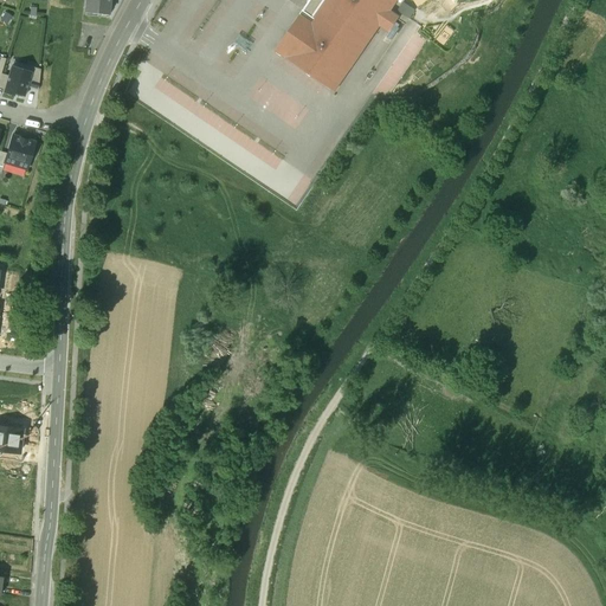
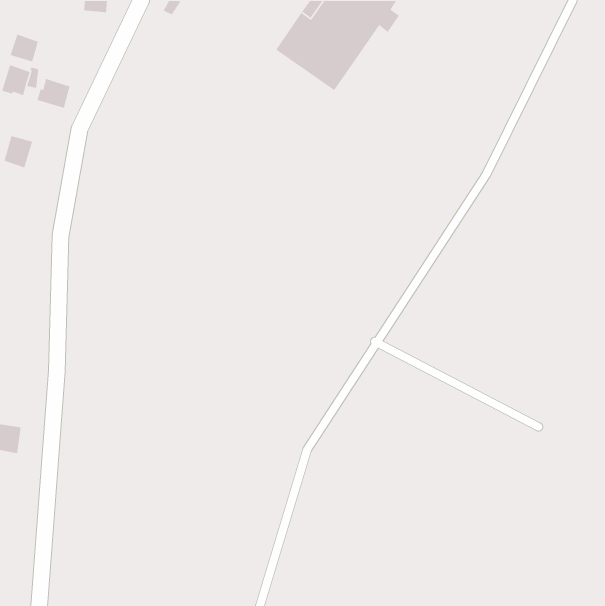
building: none -> [9,34,39,62]
building: none -> [36,78,71,109]

